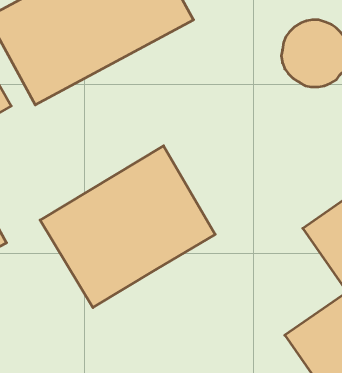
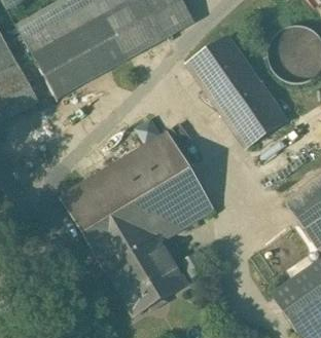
building: none -> [189,35,285,146]
building: none -> [107,237,188,314]

